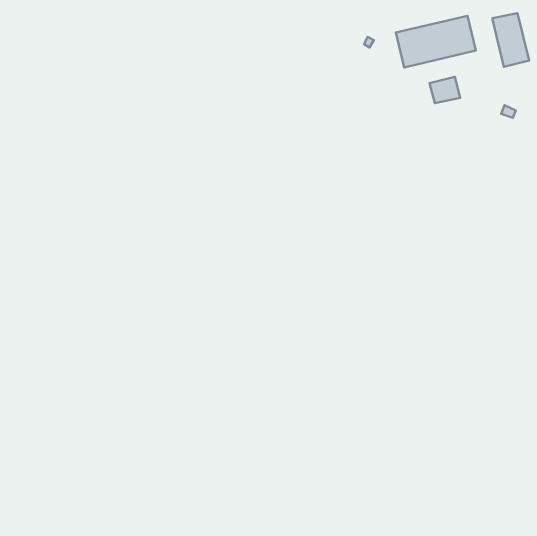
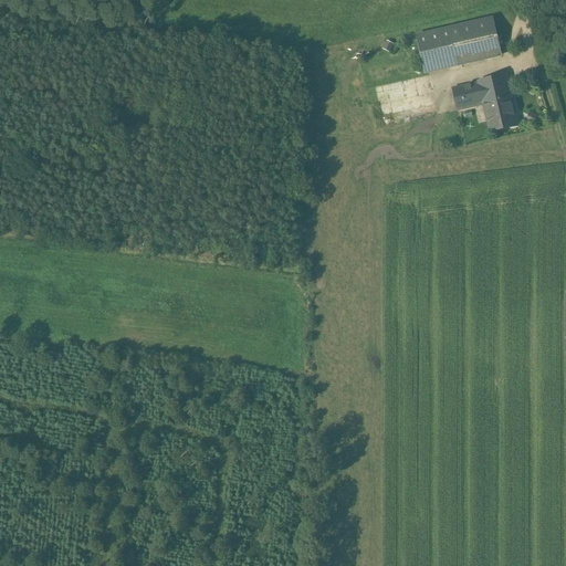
building: [492,13,529,67] -> [478,74,516,130]

